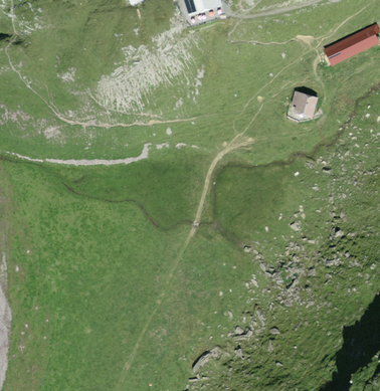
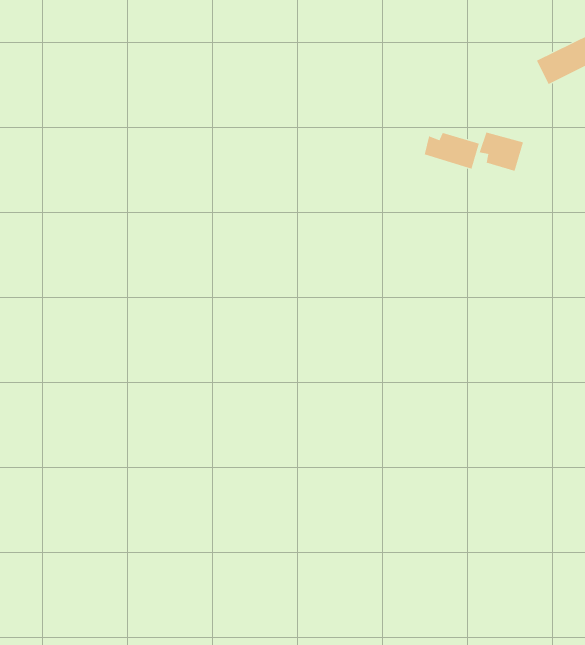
building: none -> [424,132,480,169]

